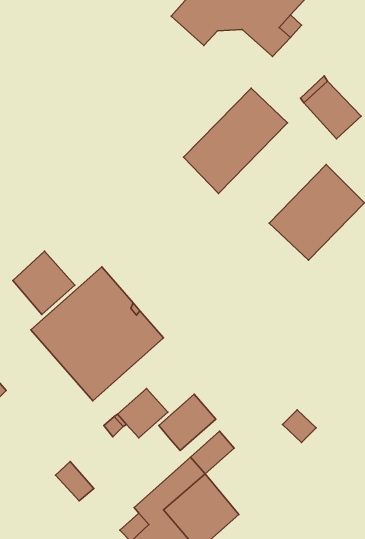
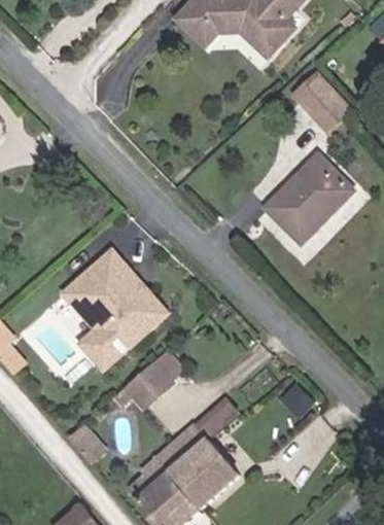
building: [184,88,288,193] -> none
building: [13,251,75,314] -> none
building: [159,394,216,451] -> none

